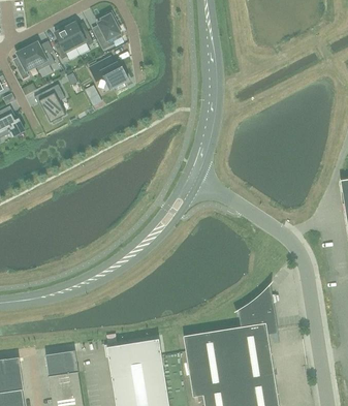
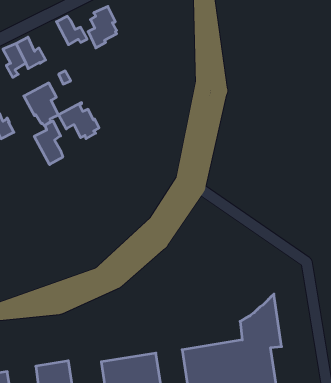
building: [53,26,78,60] -> none
building: [89,56,127,90] -> [59,103,99,139]
building: none -> [34,121,63,165]

